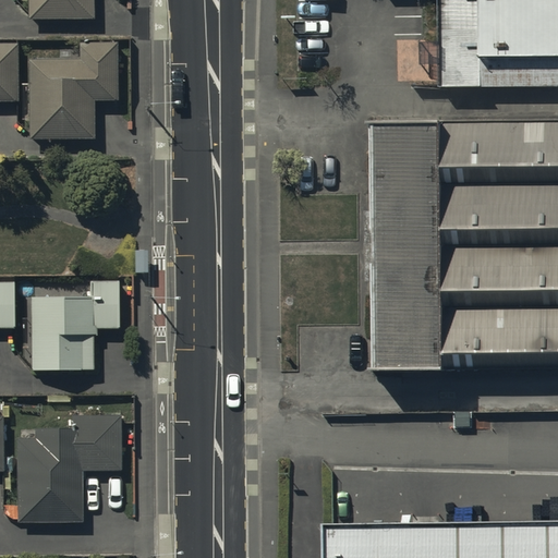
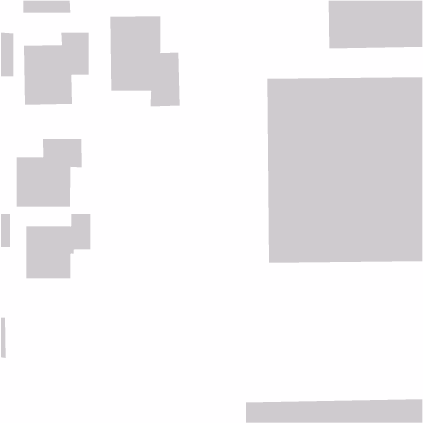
building: none -> [110,16,180,107]
building: none -> [16,138,82,207]
building: [17,420,120,517] -> none

